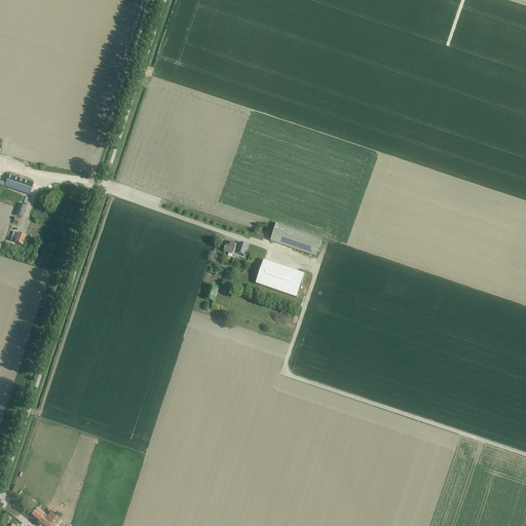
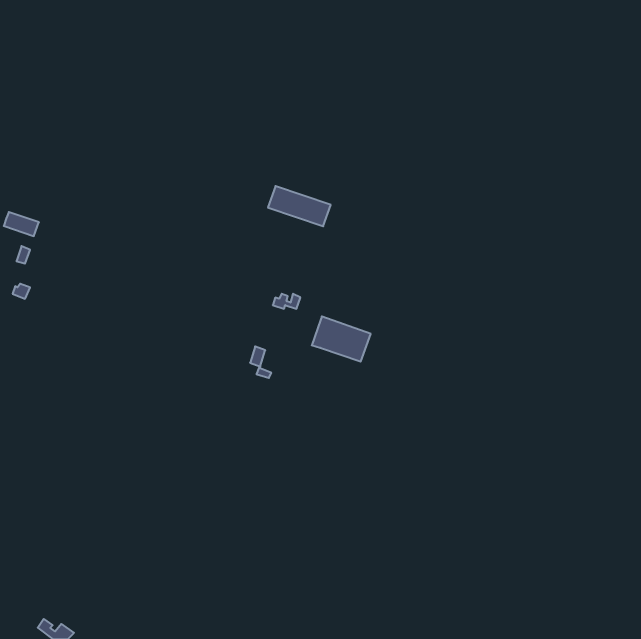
building: [269,222,321,255] -> [268,186,331,226]

